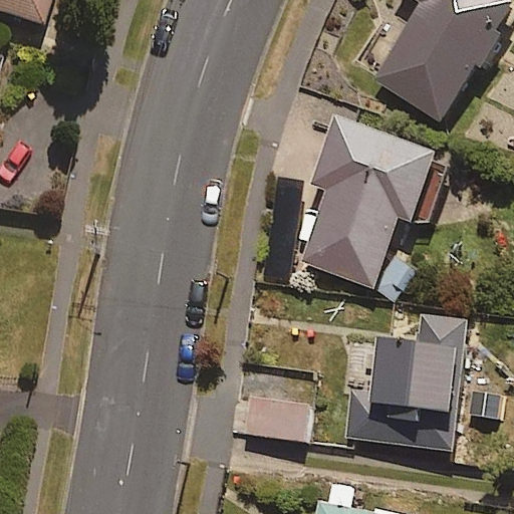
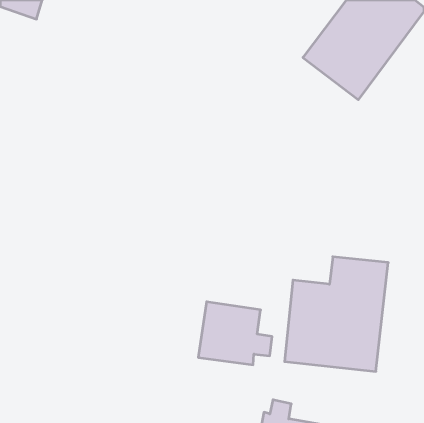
building: [300,114,444,299] -> none

